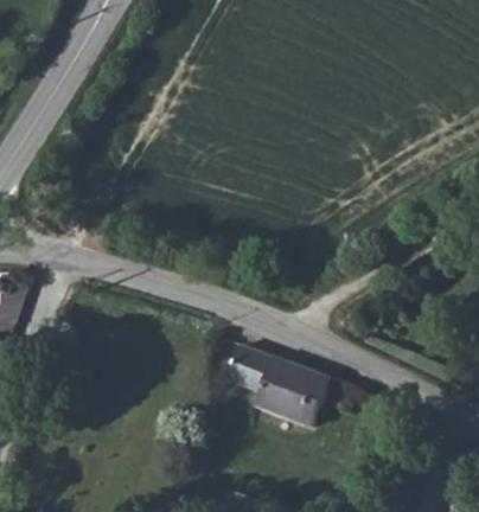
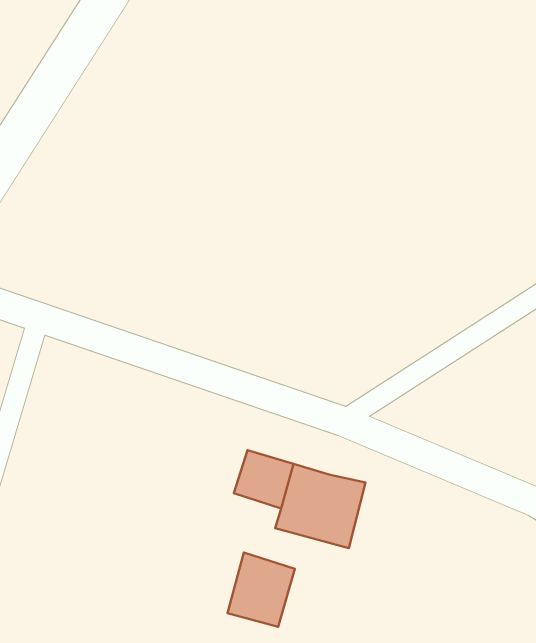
building: none -> [228,553,295,627]

